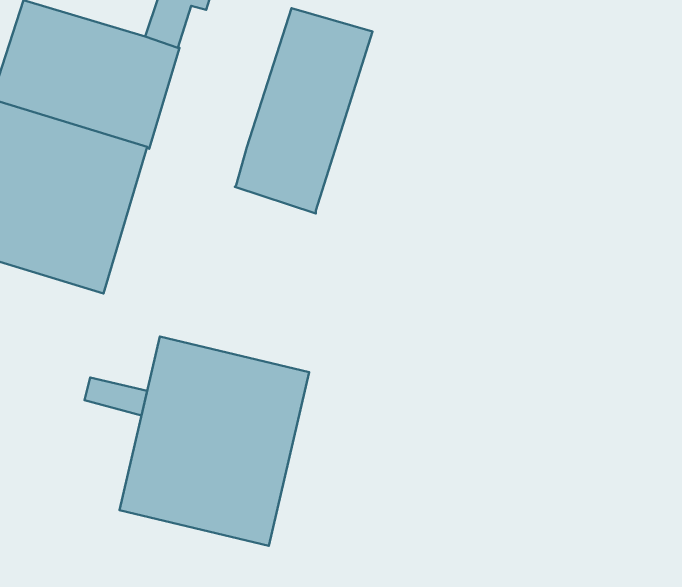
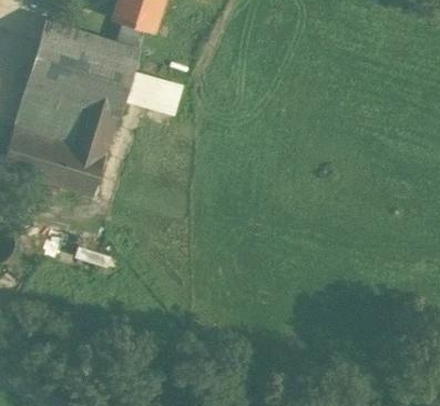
building: [235,8,372,213] -> none
building: [119,336,309,546] -> none

